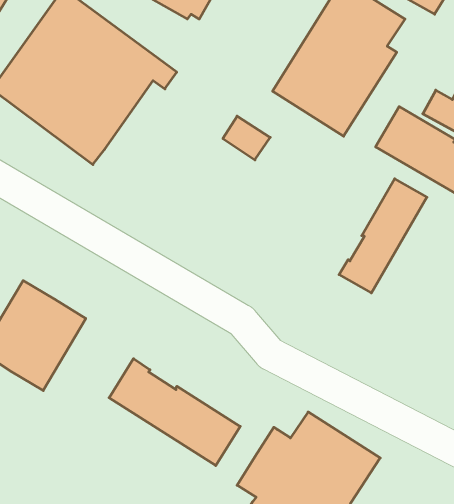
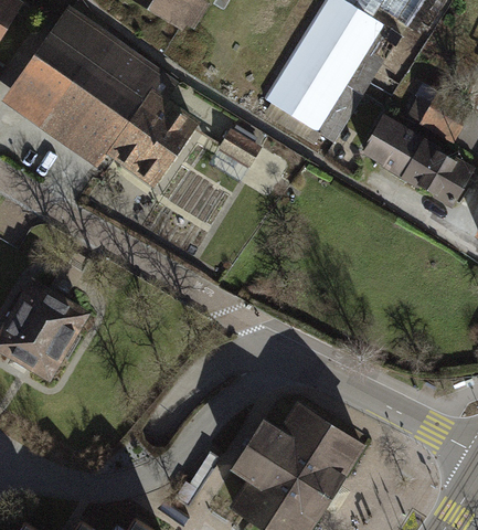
building: none -> [107,91,199,187]
building: [339,179,427,293] -> none
building: [109,359,240,466] -> none

